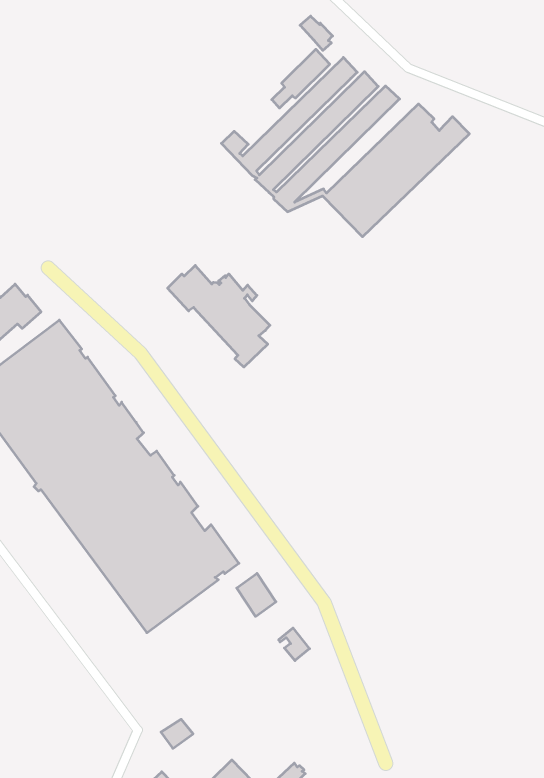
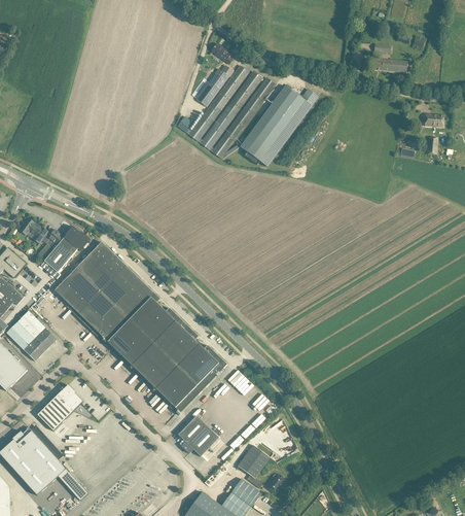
building: [168,265,270,367] -> none
building: none -> [177,415,217,456]
building: none -> [237,445,269,478]

